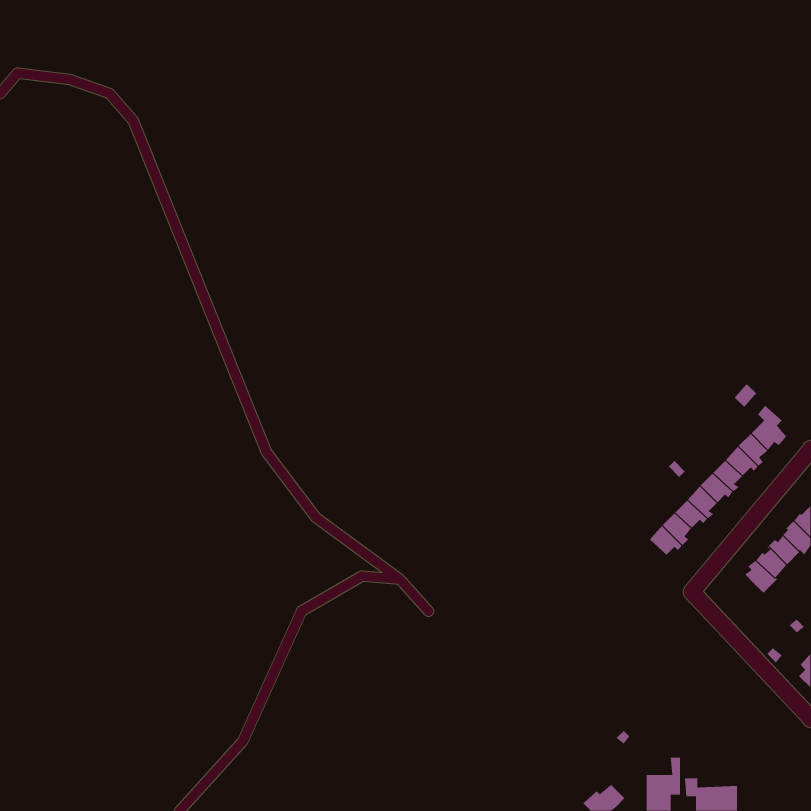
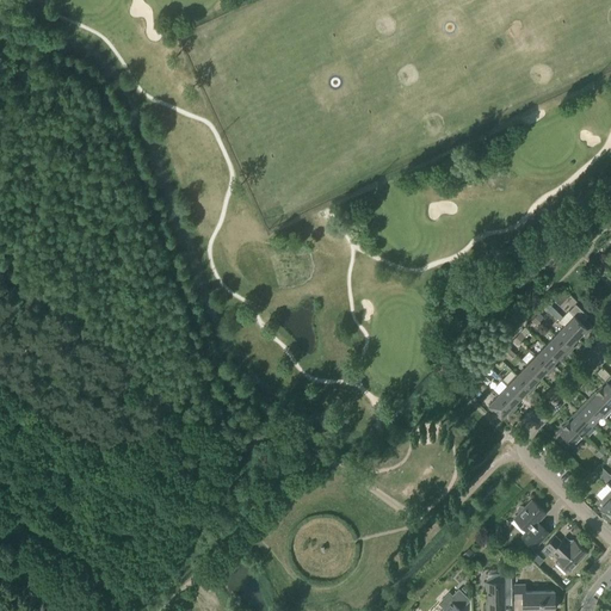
building: none -> [514,500,545,544]
building: none -> [541,537,587,574]

